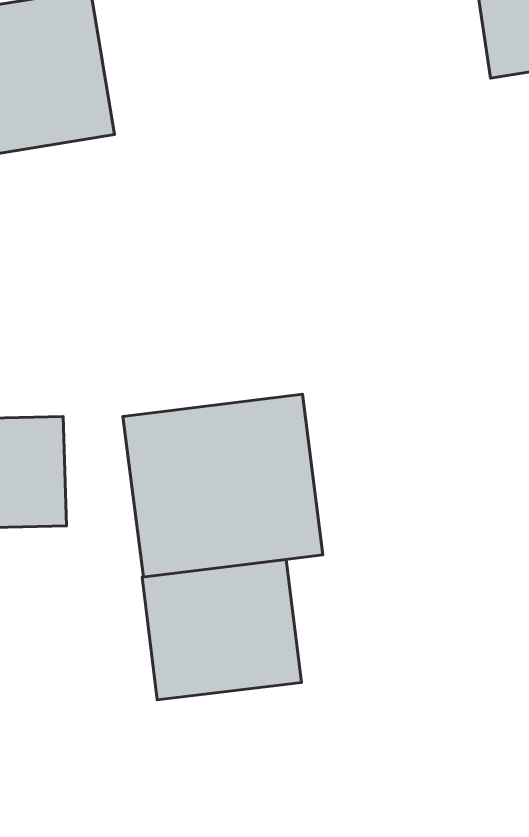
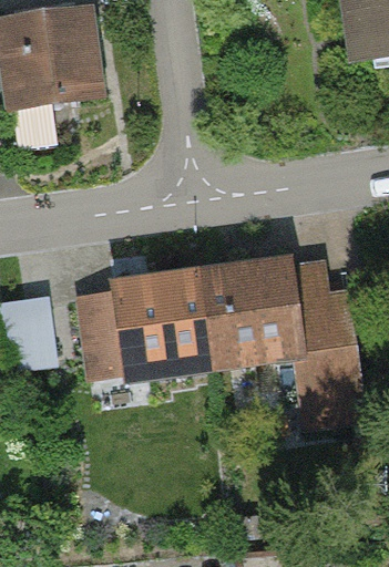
building: none -> [218,251,348,370]
building: [142,560,301,700] -> none

